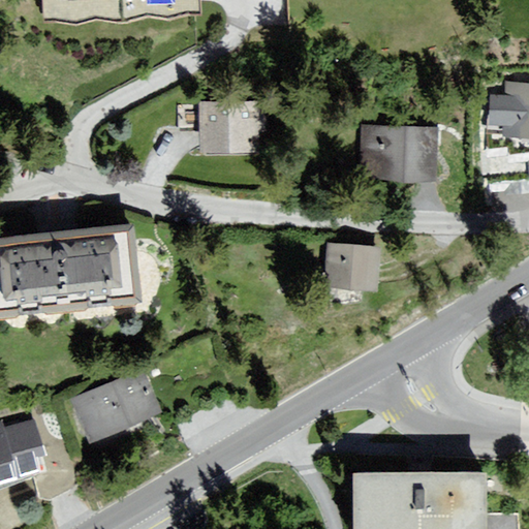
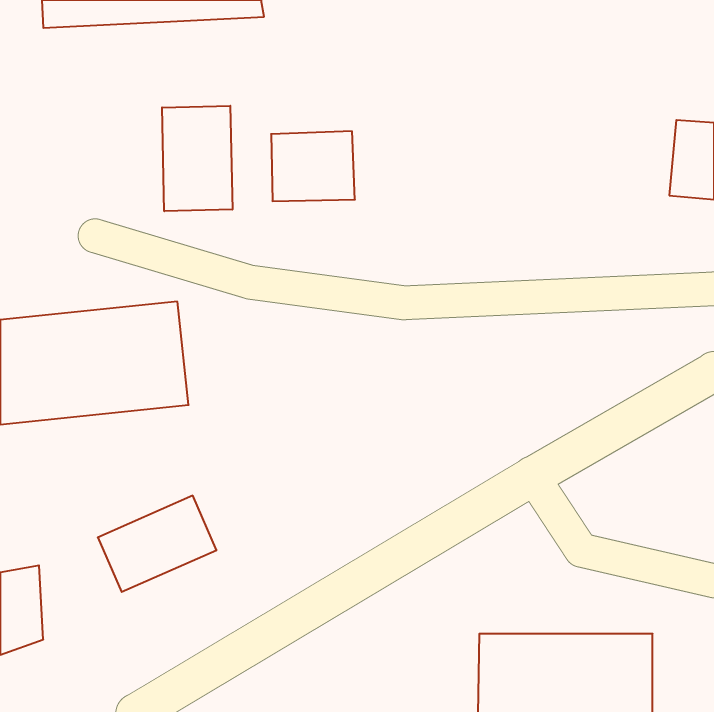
building: none -> [162,106,232,211]
building: [353,128,429,183] -> none
building: [324,242,378,288] -> none

